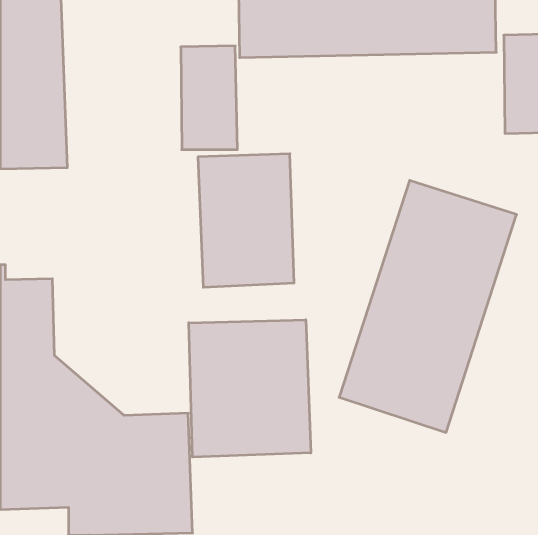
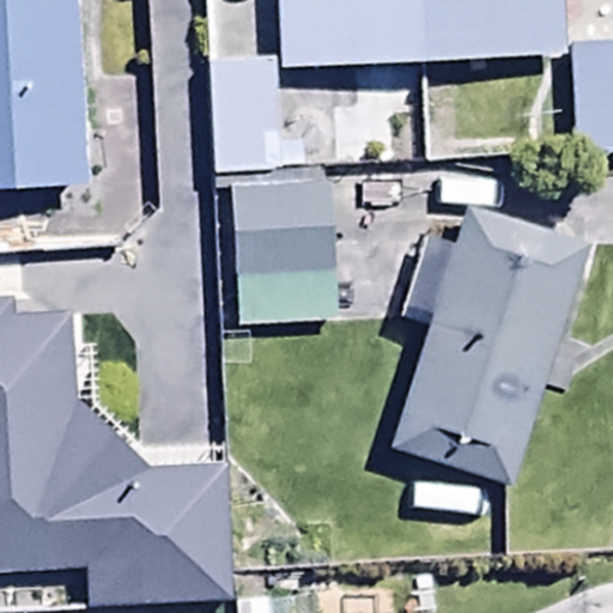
building: [189,320,311,457] -> none

